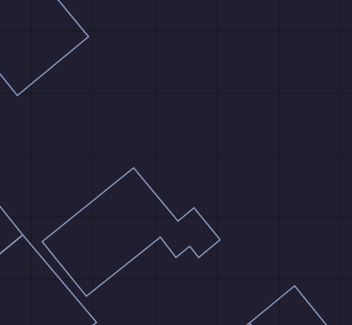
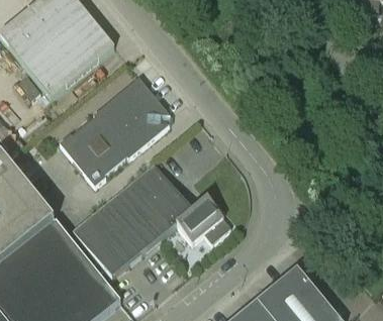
building: none -> [60,76,170,184]

